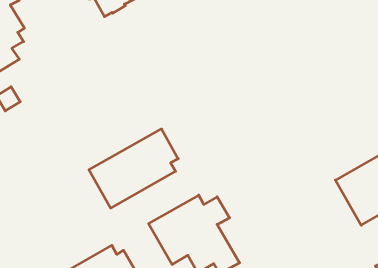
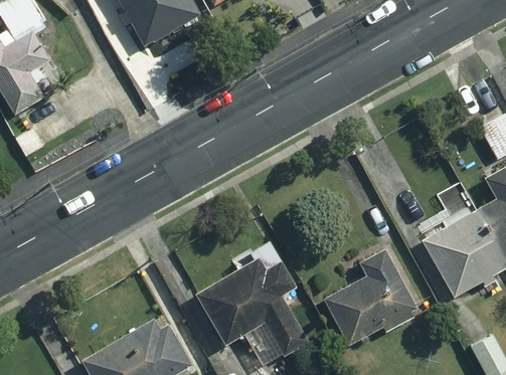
building: [89,129,178,208] -> none
building: none -> [324,250,414,344]

